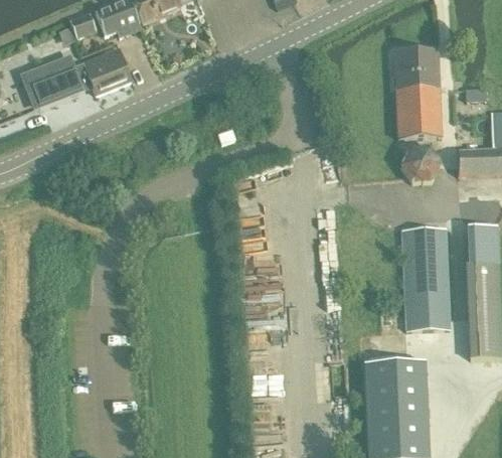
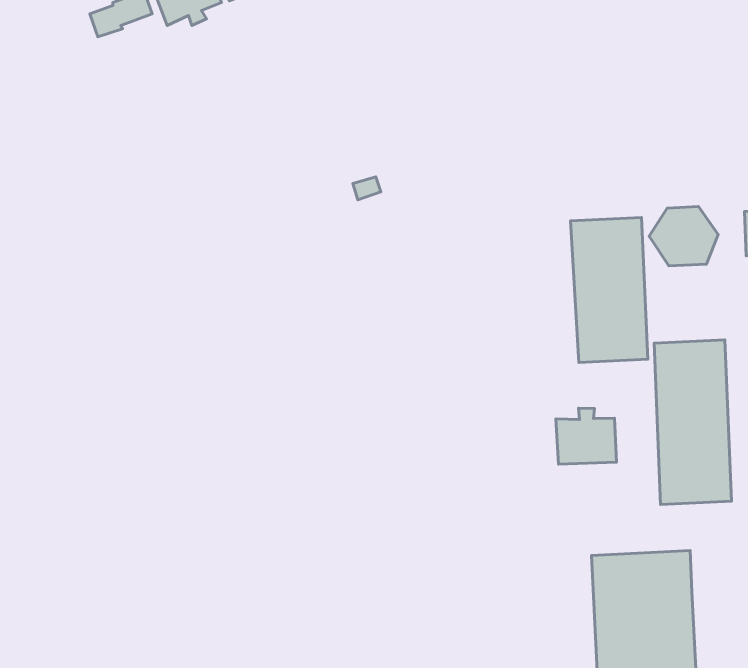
building: [31,48,131,107] -> none
building: [394,49,442,138] -> [571,217,648,362]
building: none -> [556,408,616,464]

